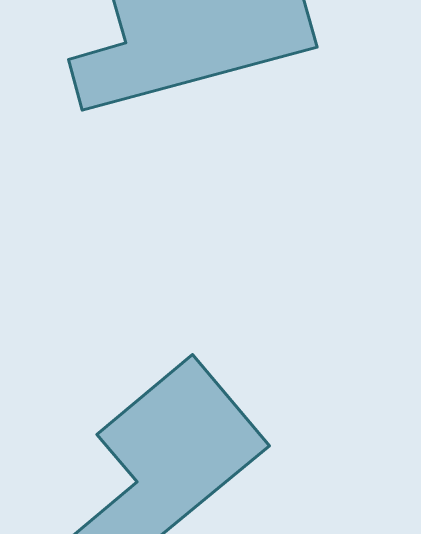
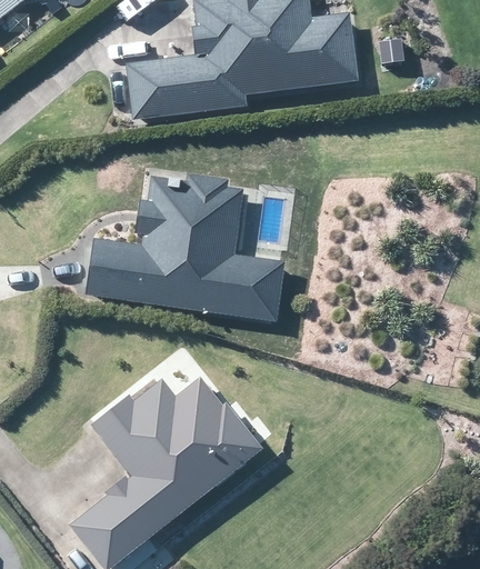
building: none -> [69,186,277,320]

